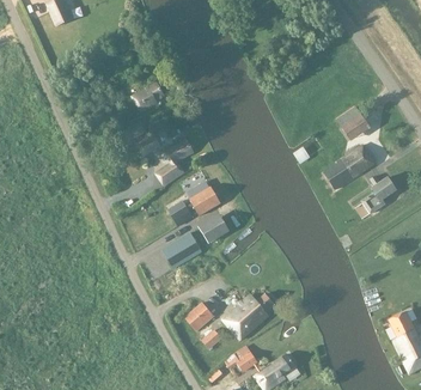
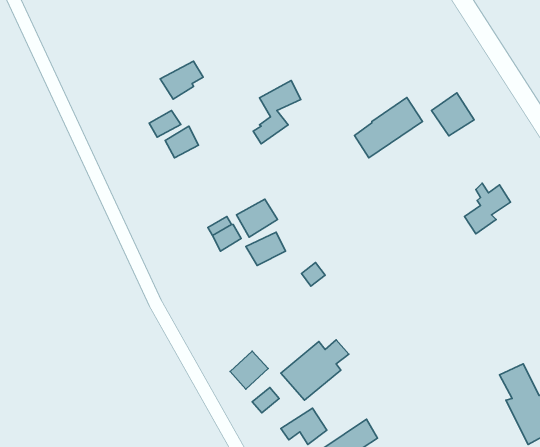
building: [159,138,195,185] -> [253,80,301,144]
building: [324,144,376,189] -> [354,98,423,158]
building: [163,232,202,268] -> none

